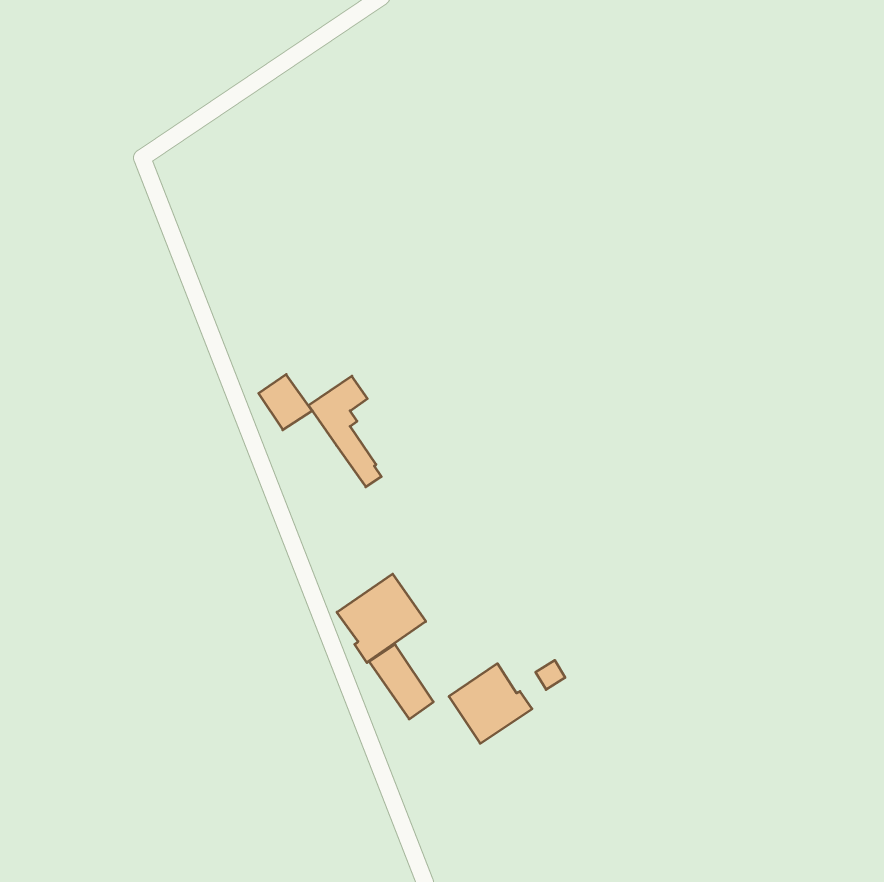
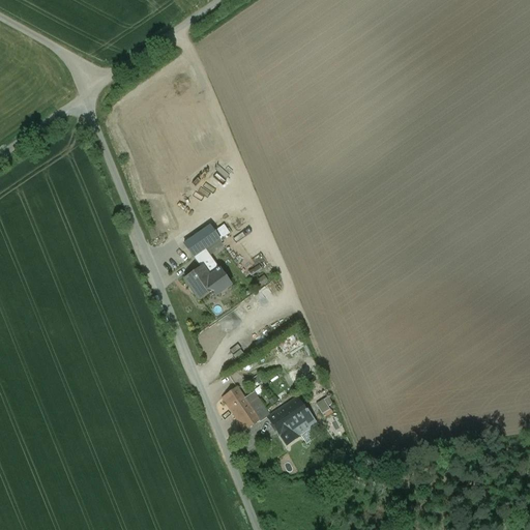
building: [259,374,312,430] -> [185,266,217,299]
building: [337,574,426,663] -> none

